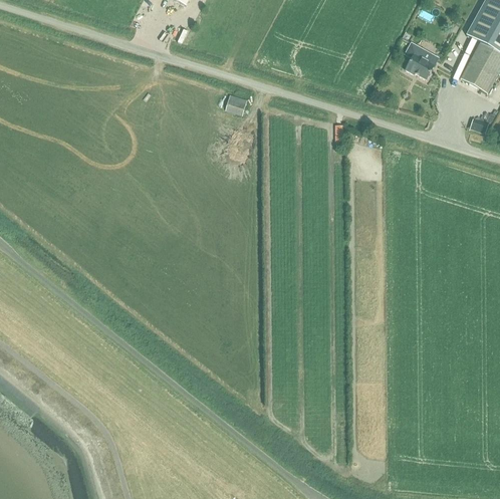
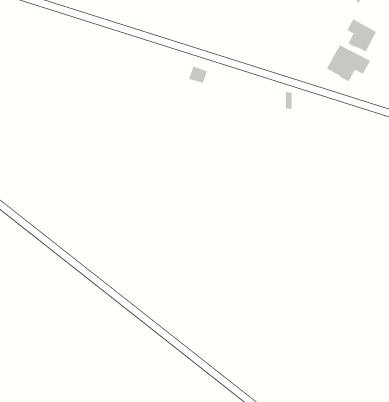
building: none -> [326,44,371,82]

